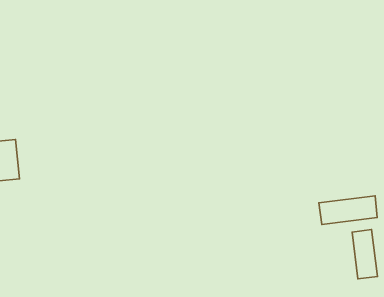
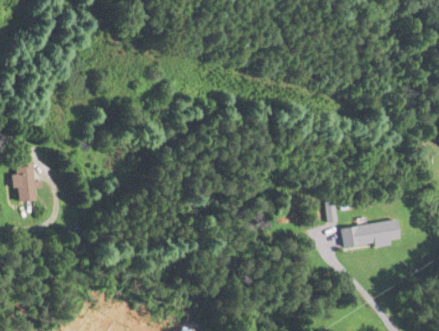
building: [352,230,377,279] -> none

